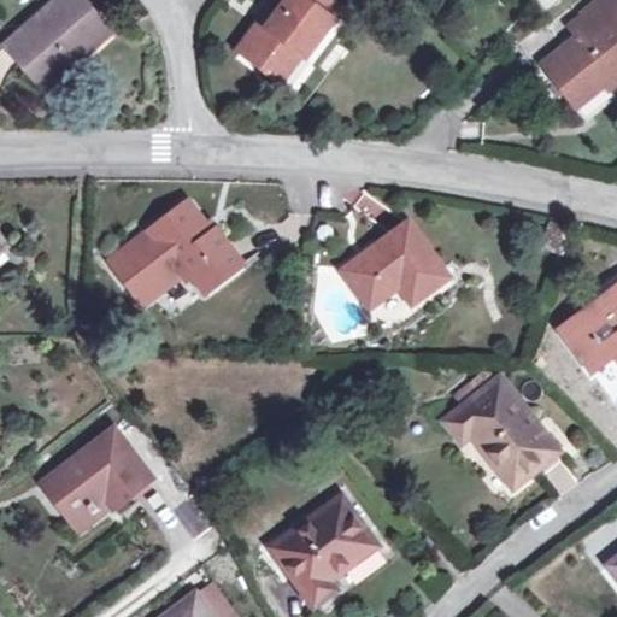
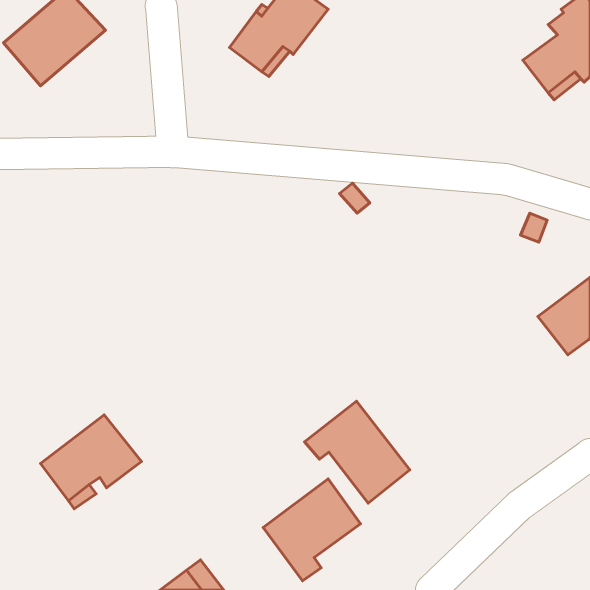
building: [110,200,241,302] -> none
building: [343,223,447,306] -> none
building: [446,380,556,486] -> [304,401,410,503]

